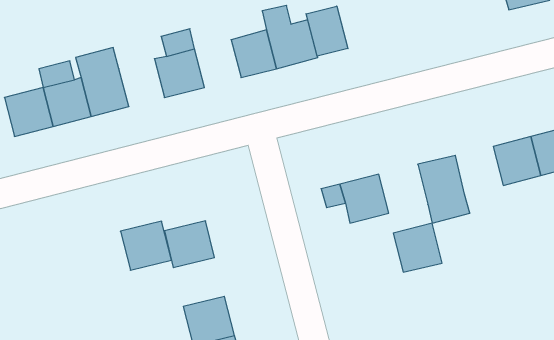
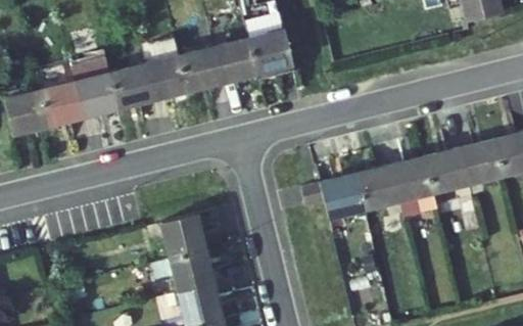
building: [306,6,348,56] -> none
building: none -> [186,48,229,92]
building: none -> [116,65,158,109]
building: none -> [426,146,470,190]
building: [120,221,172,270] -> [167,248,213,293]
building: [393,223,442,272] -> [355,162,400,207]

